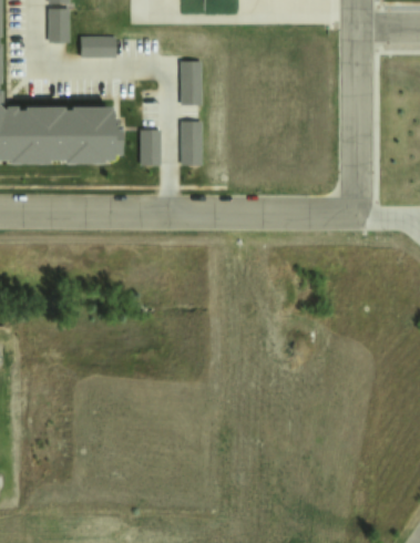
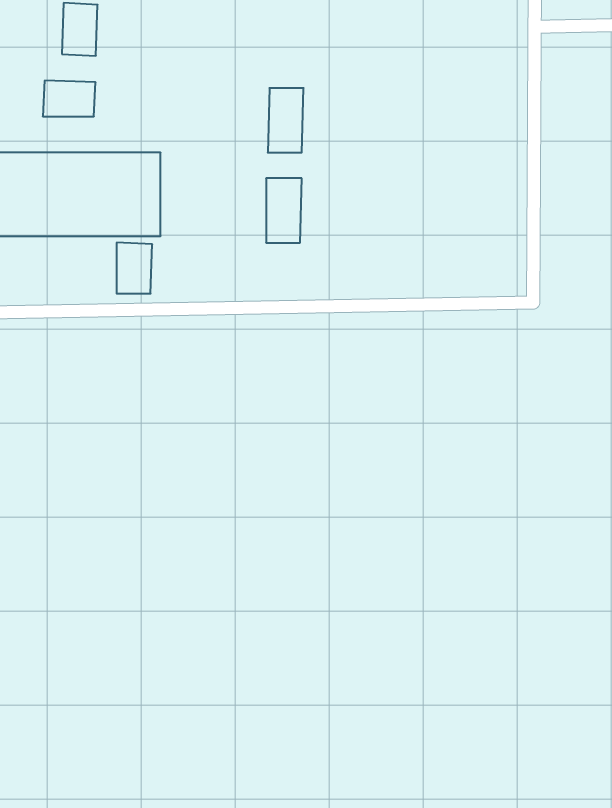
building: [83,35,117,59] -> [43,81,96,116]
building: [141,132,164,165] -> [117,243,152,294]

